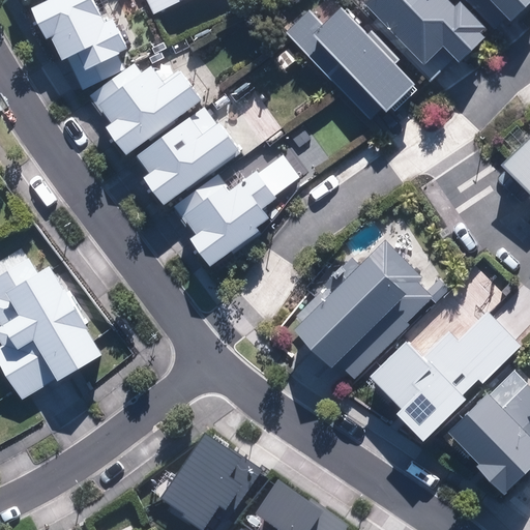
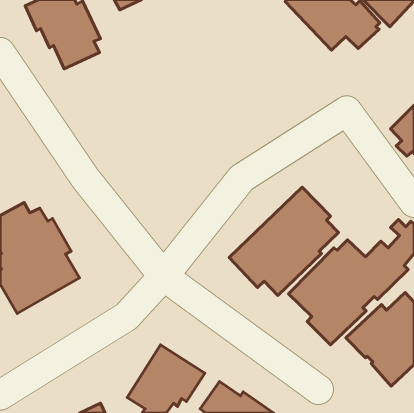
building: [285,7,420,123] -> none
building: [88,62,202,155] -> none
building: [137,105,237,204] -> none
building: [175,152,300,267] -> none

